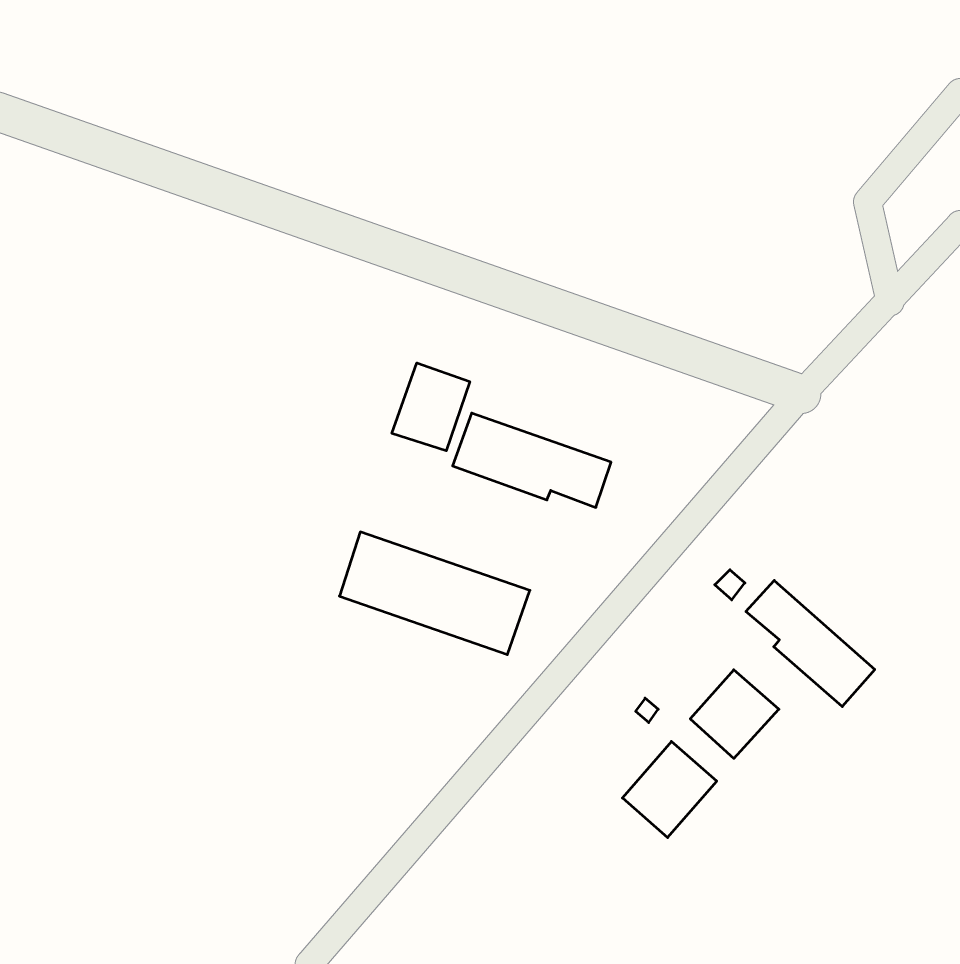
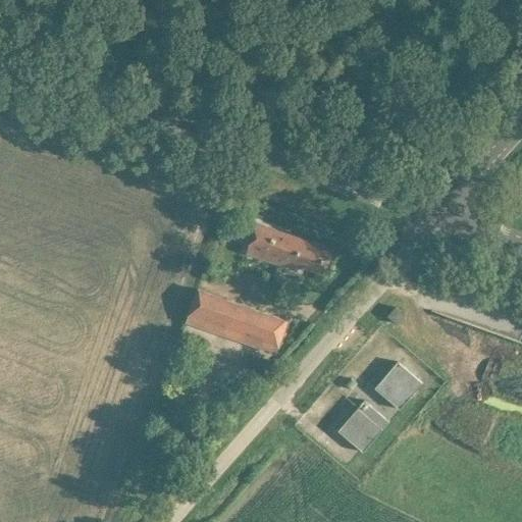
building: [392,363,470,451] -> none
building: [746,580,875,707] -> none

